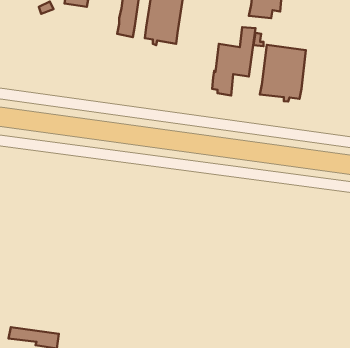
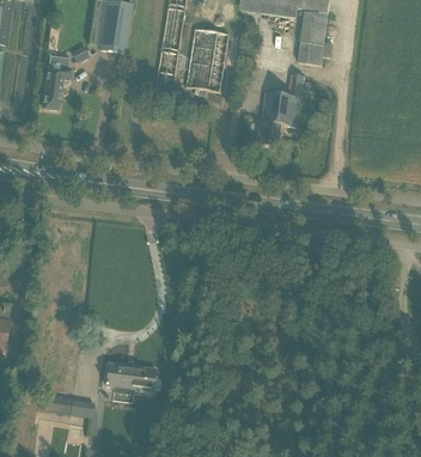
building: none -> [42,54,71,109]
building: [260,45,306,101] -> none
building: none -> [105,362,154,390]

